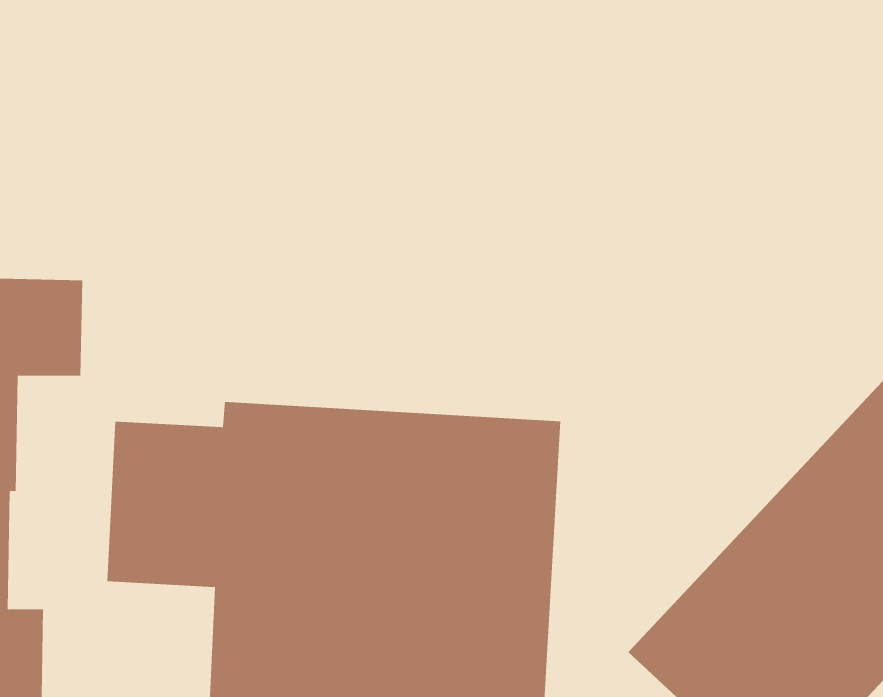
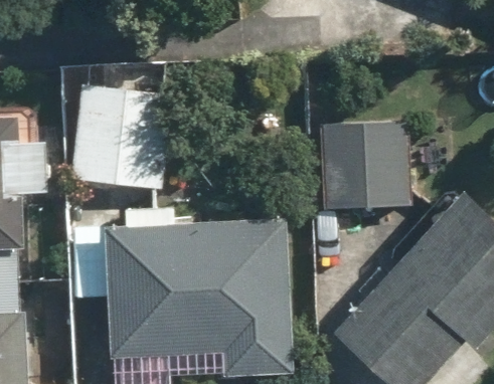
building: none -> [67,72,162,183]
building: none -> [310,119,414,219]

